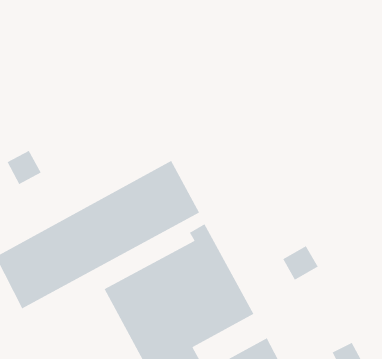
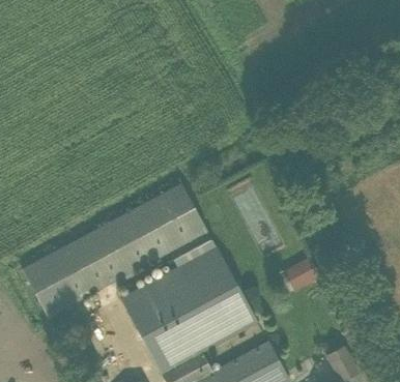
building: [6,150,42,185] -> none

